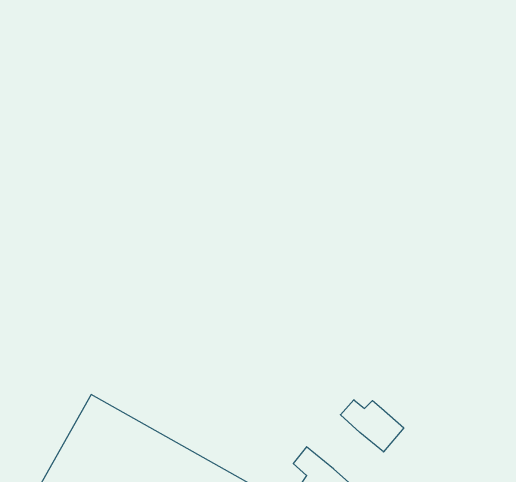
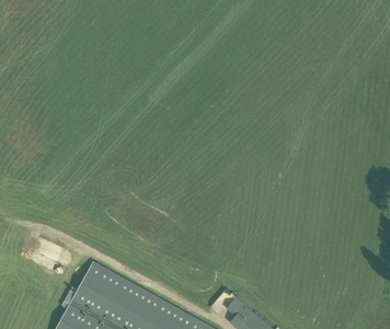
building: [340,400,404,452] -> none

